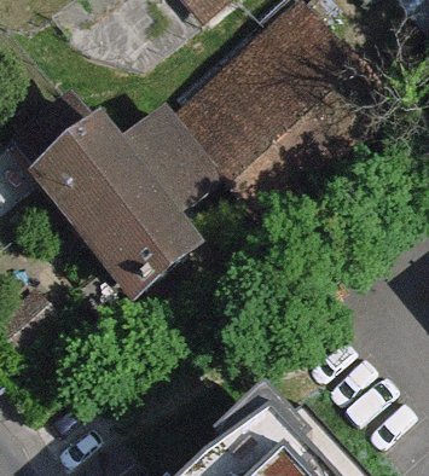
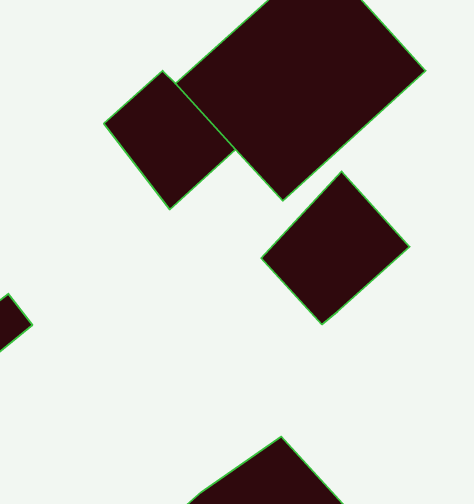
building: [36,126,196,300] -> none
building: none -> [261,171,410,324]

